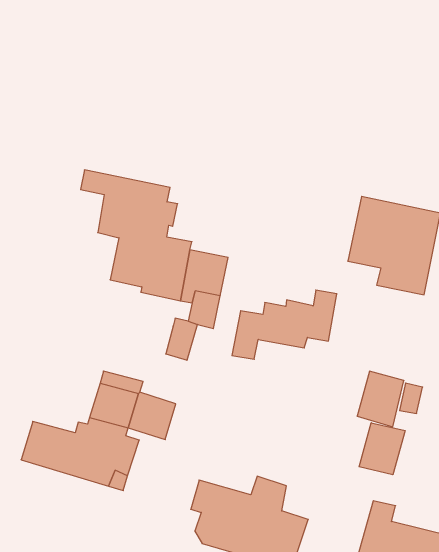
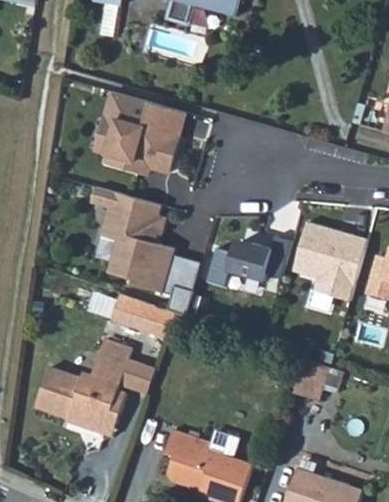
building: none -> [90,87,184,172]
building: [232,290,337,359] -> [206,235,290,285]
building: none -> [107,296,154,332]
building: [359,423,405,475] -> none

